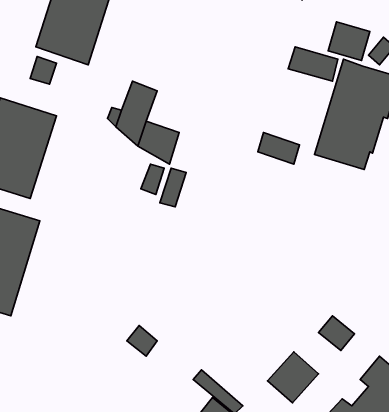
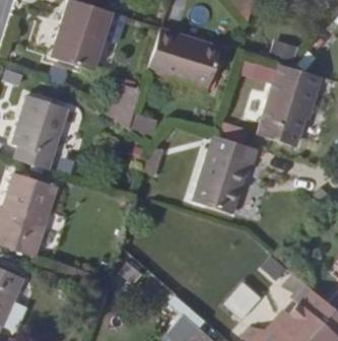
building: none -> [149,30,221,90]
building: none -> [193,137,258,213]

